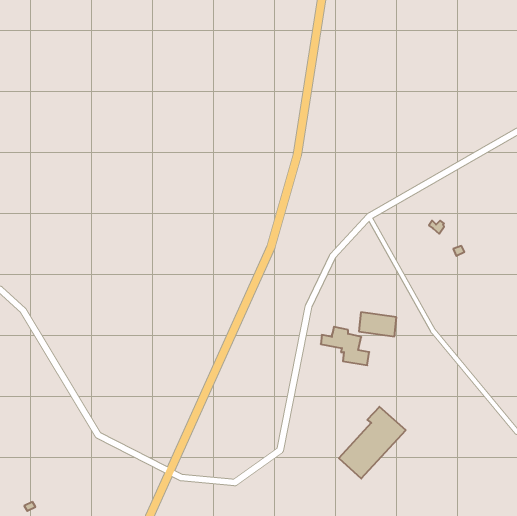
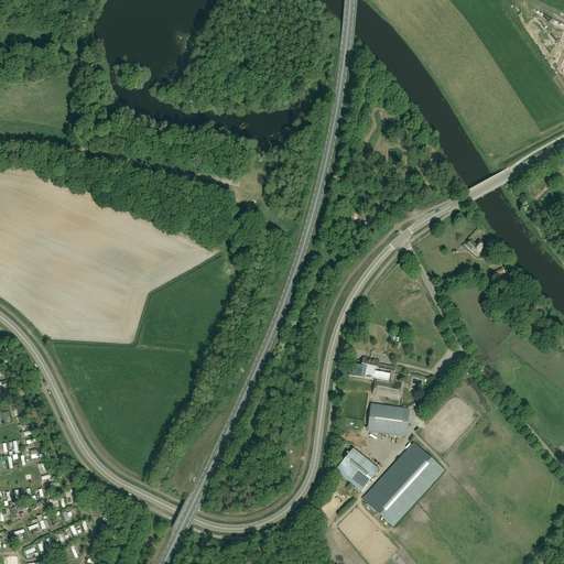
building: [359,312,396,336] -> [368,406,409,433]
building: none -> [335,452,376,491]

